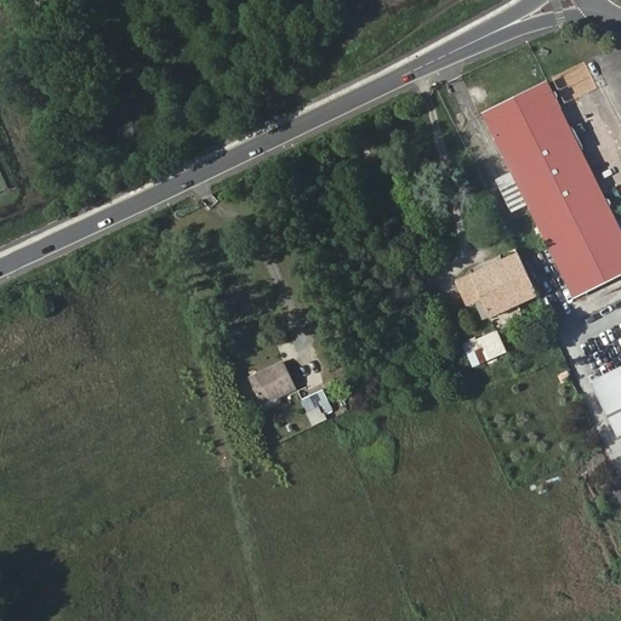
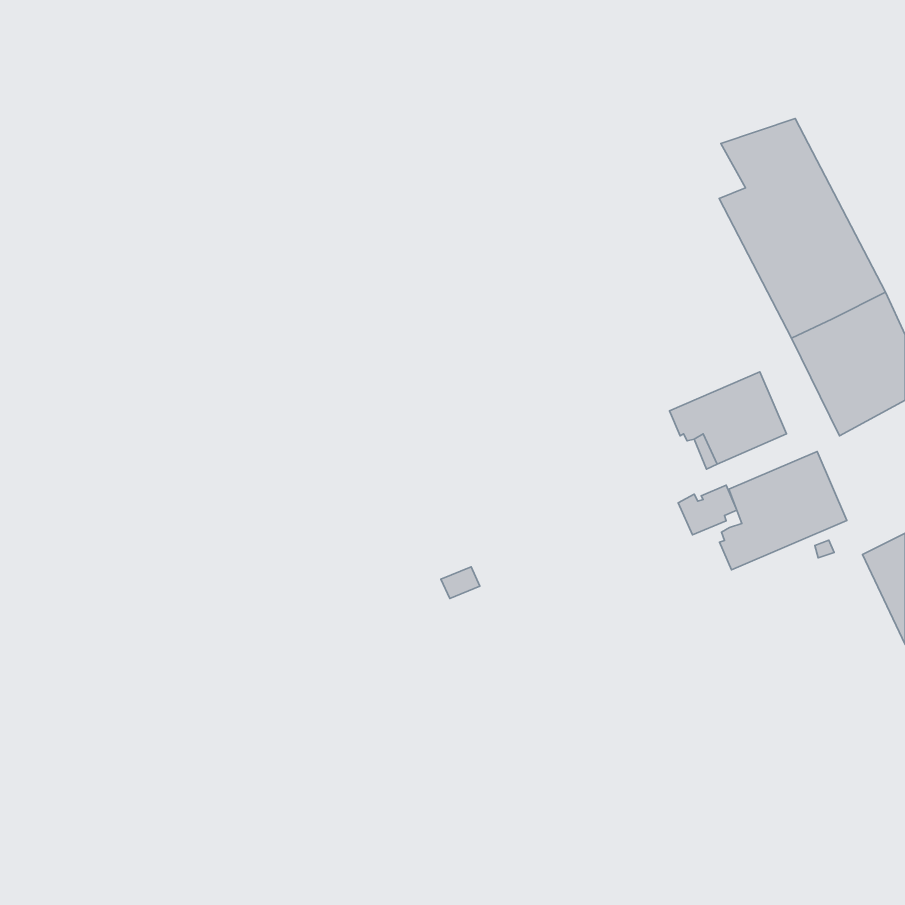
building: [477,98,511,136] -> none
building: none -> [720,451,847,570]
building: [251,361,296,399] -> none

